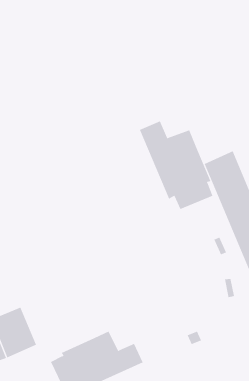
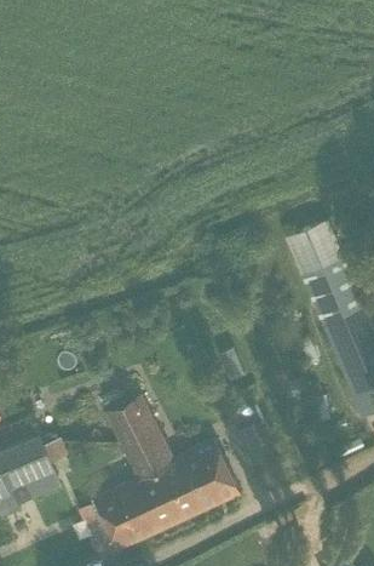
building: [139,120,213,210] -> none
building: none -> [103,395,240,511]

